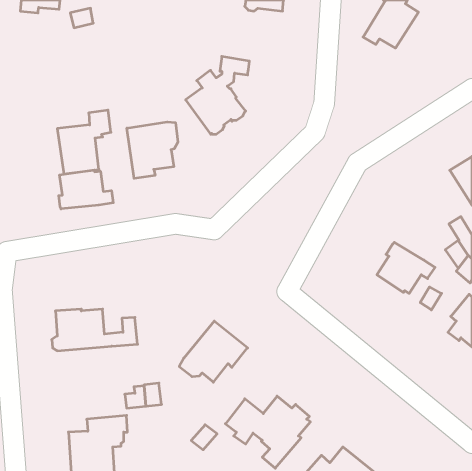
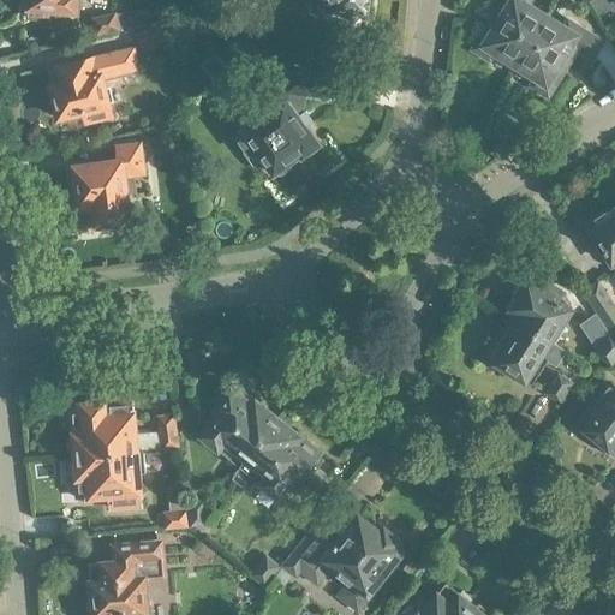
building: none -> [514,18,602,96]
building: none -> [49,26,174,123]
building: [127,122,178,178] -> none
building: [59,170,113,209] -> none
building: none -> [507,276,571,340]
building: none -> [201,384,279,467]
building: none -> [70,452,147,509]

